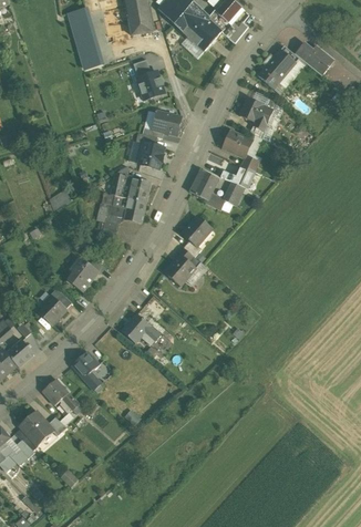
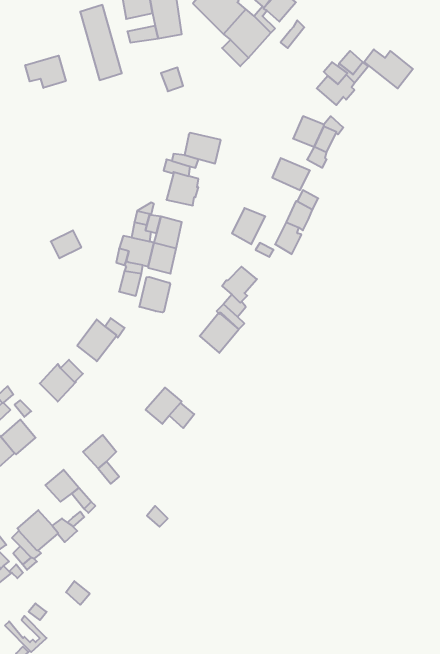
building: none -> [25,56,66,88]
building: [137,71,165,100] -> none
building: none -> [139,277,170,312]

